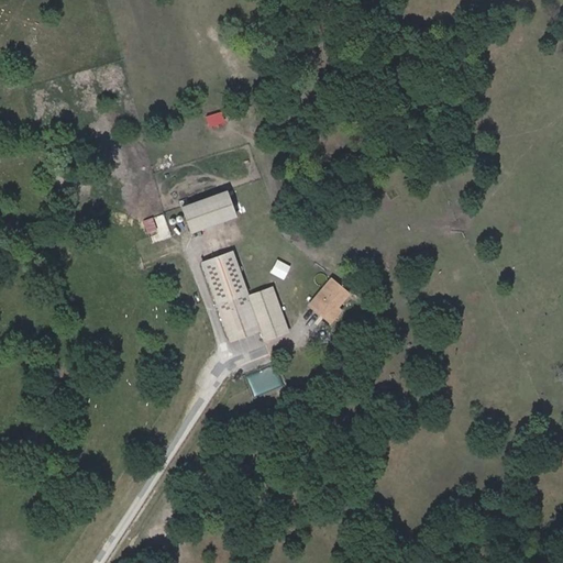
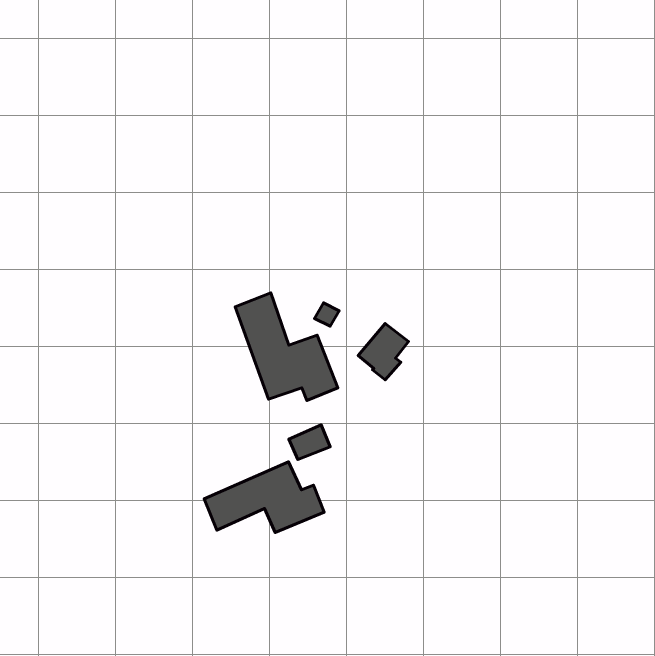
building: [181,190,238,233] -> none
building: none -> [204,462,324,533]

